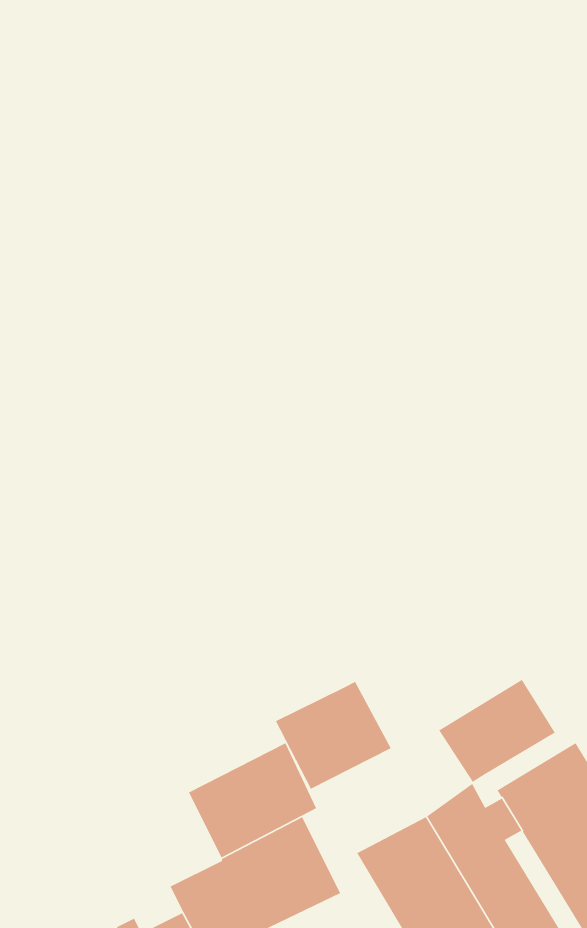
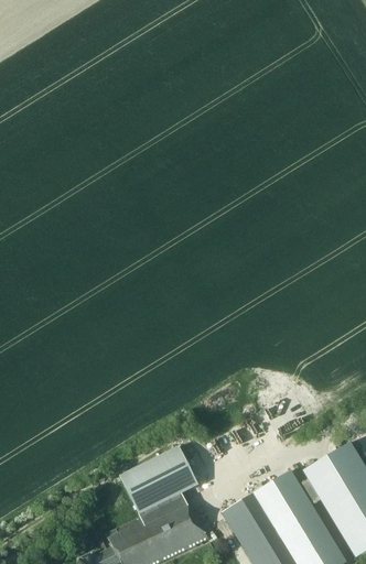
building: [438,679,556,783] -> none
building: [275,681,392,790] -> none

